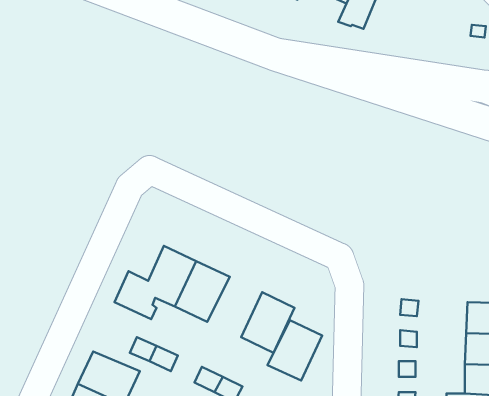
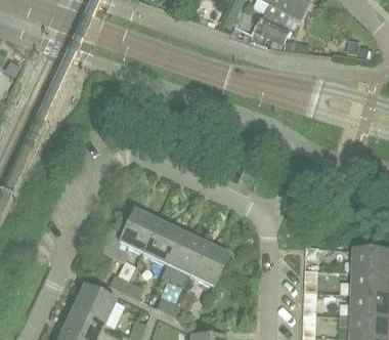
building: [267,320,322,381] -> [165,230,205,274]

